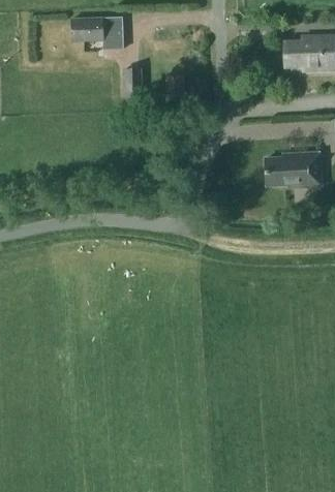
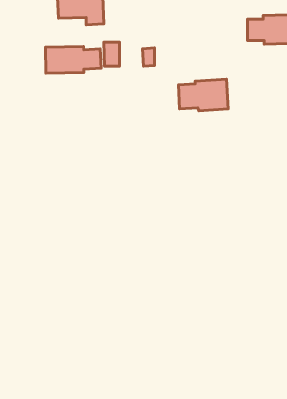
building: none -> [46,46,101,73]
building: [266,152,322,187] -> [179,79,228,111]

